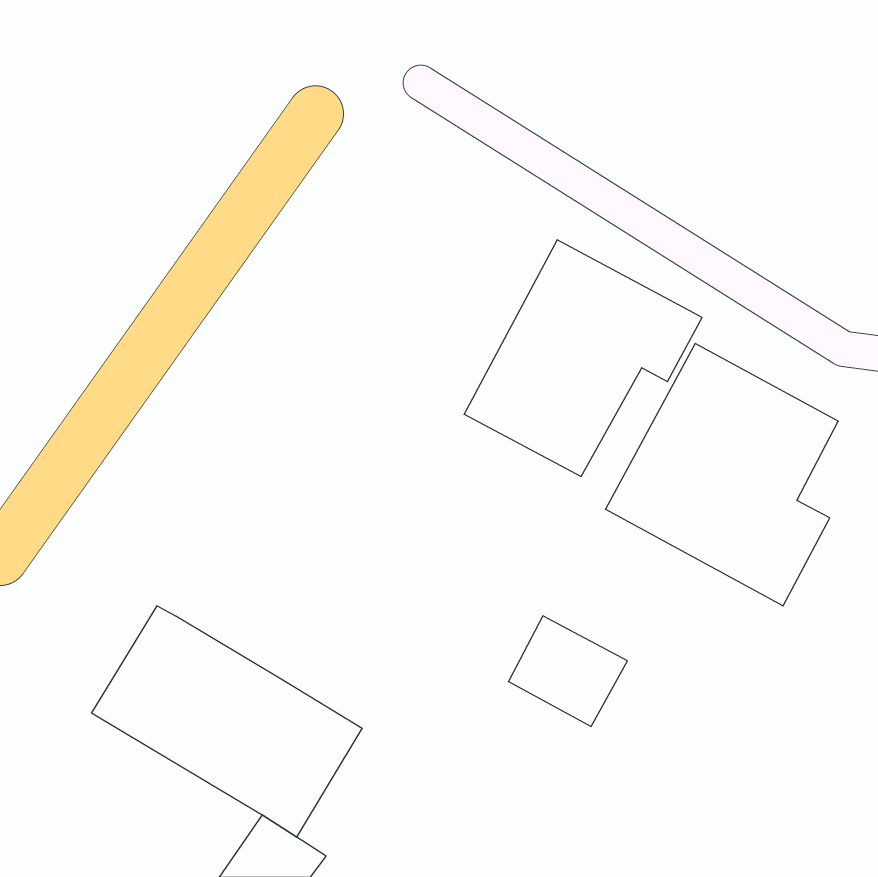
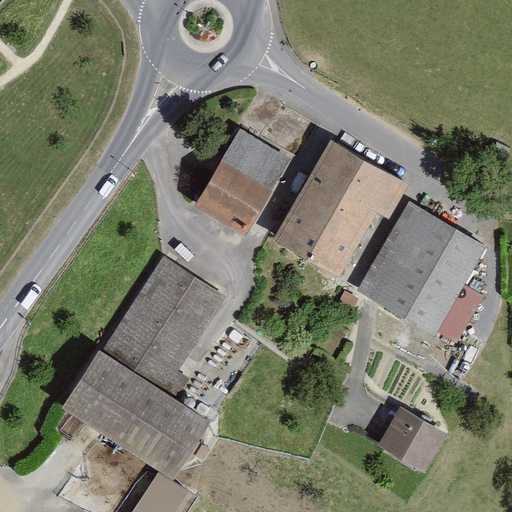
building: none -> [193,125,290,234]
building: none -> [104,257,227,394]
building: [508,616,627,726] -> [378,410,447,474]

